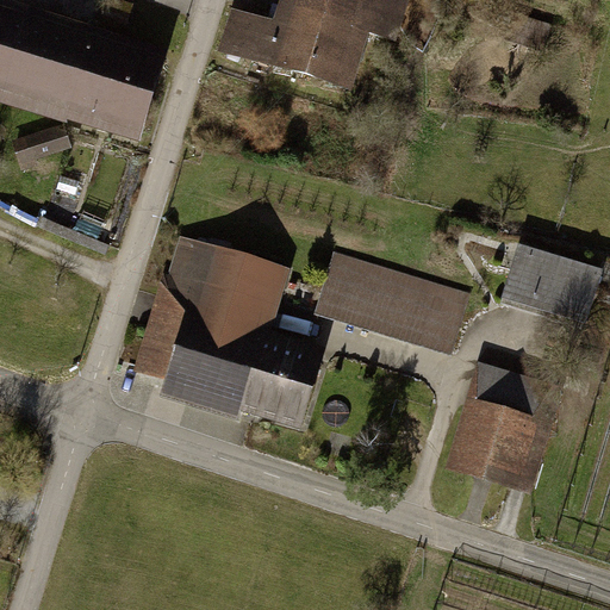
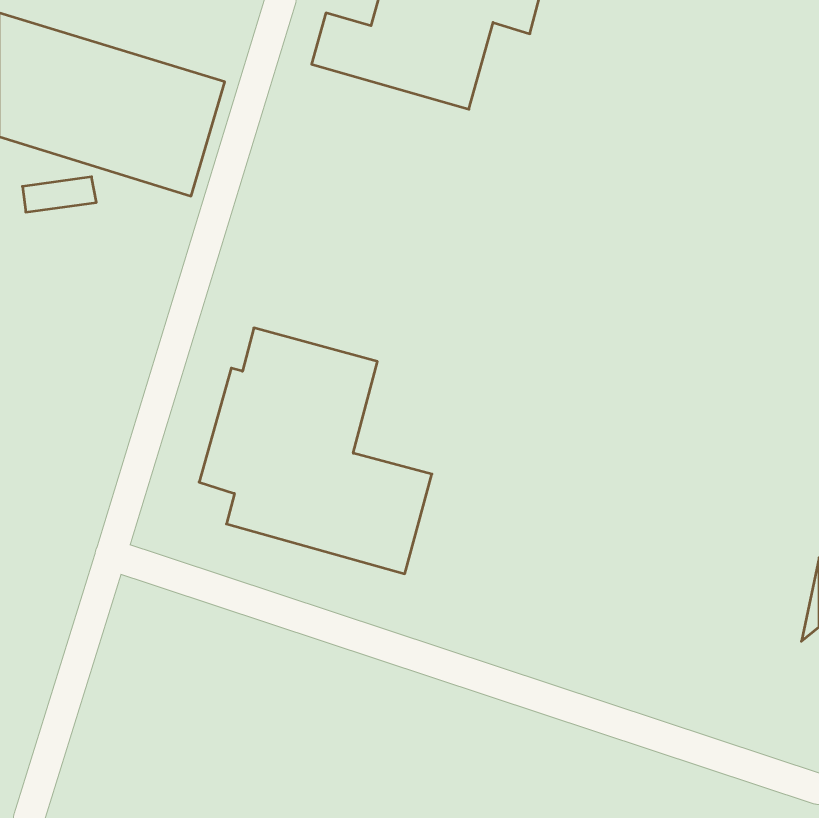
building: [500,245,595,320] -> none
building: [313,253,466,347] -> none
building: [453,365,553,484] -> none

